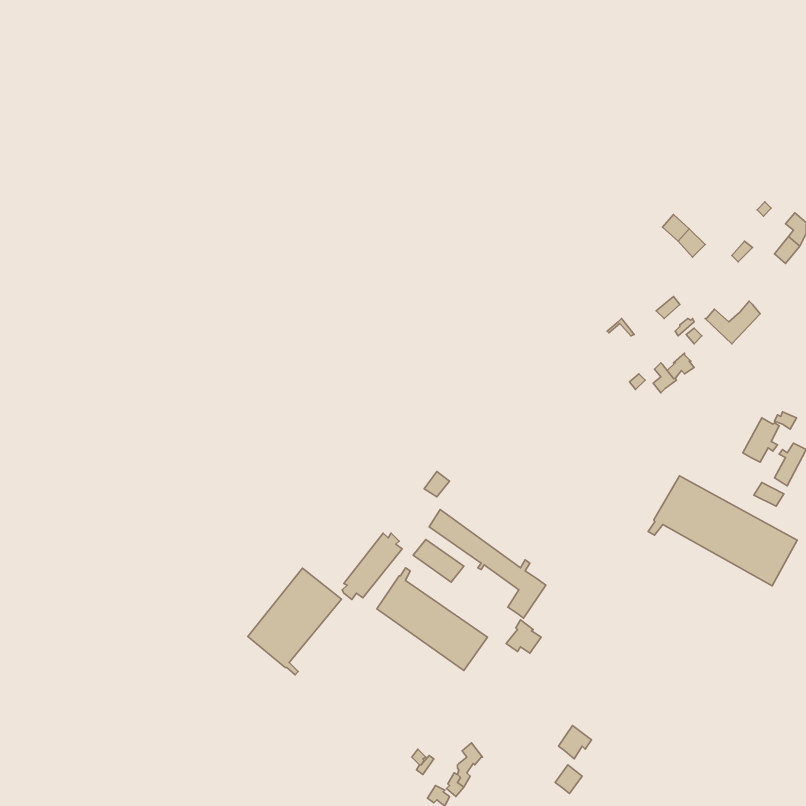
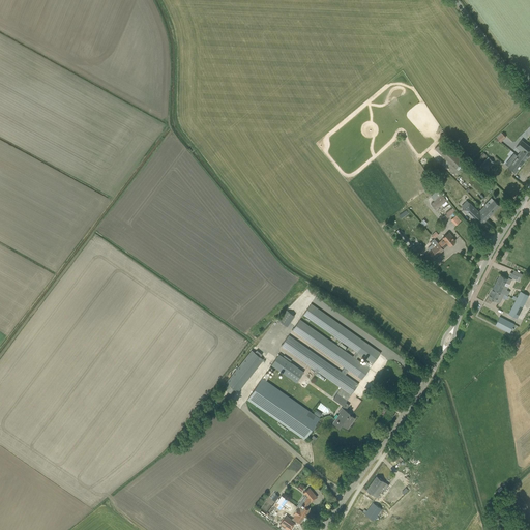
building: none -> [292,303,381,379]
building: [648,476,797,586] -> none
building: [248,568,341,675] -> none

